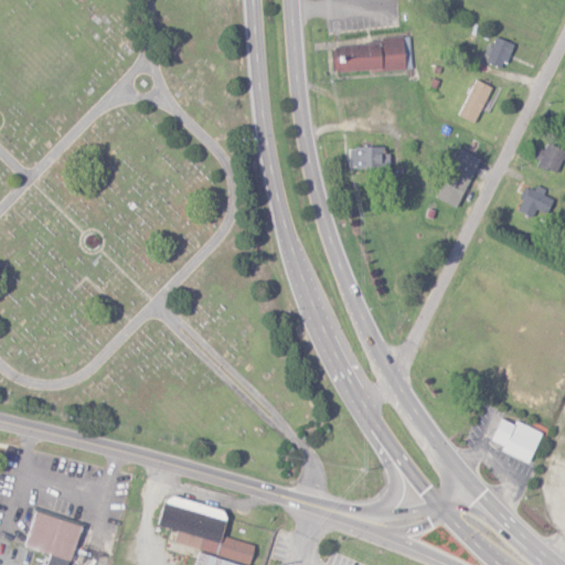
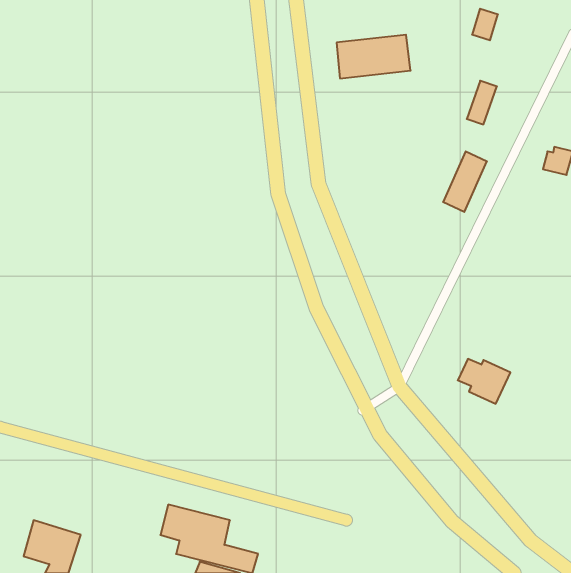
building: [488,38,513,68] -> [472,9,498,40]
building: [350,147,390,170] -> none
building: [519,185,554,217] -> none
building: [492,419,544,463] -> [458,359,510,404]

